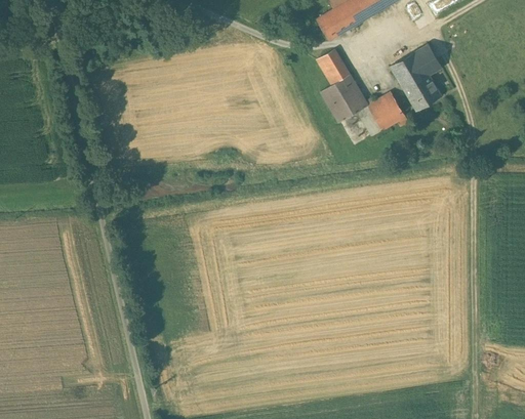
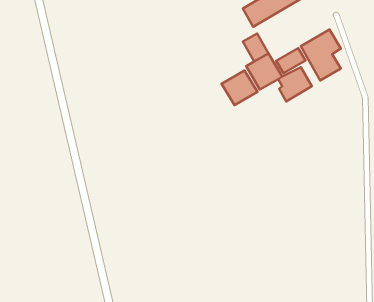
building: none -> [276,48,306,73]
building: none -> [222,70,257,105]

